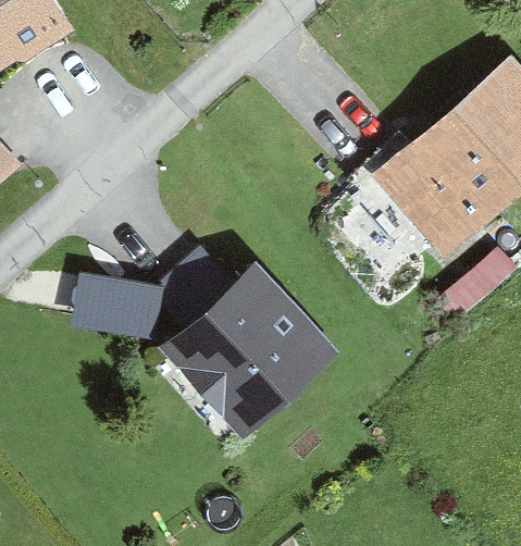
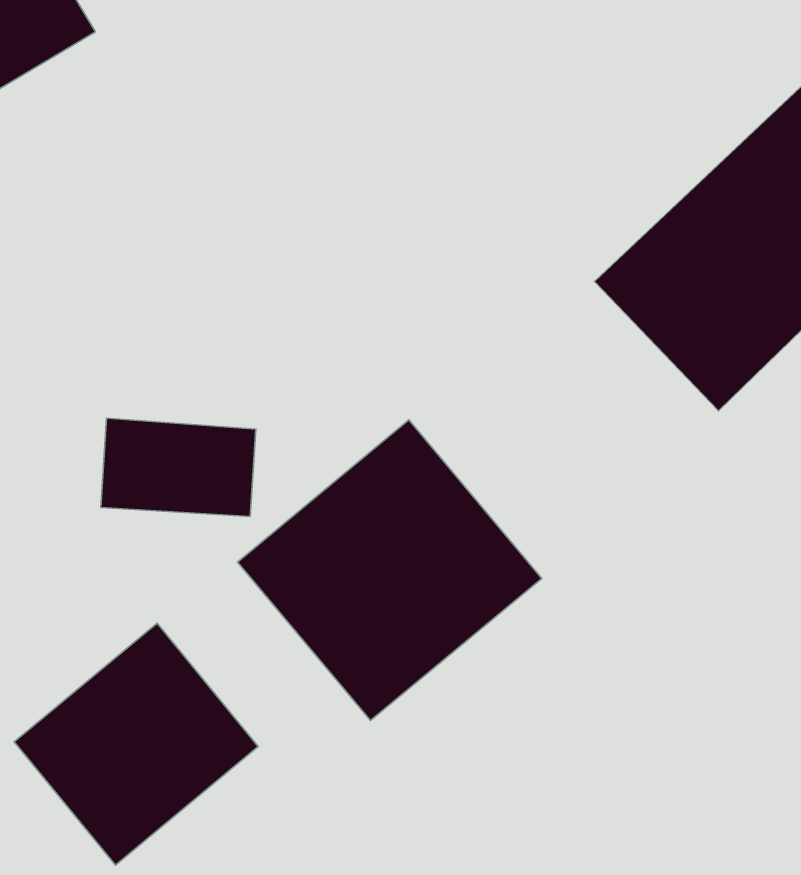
building: none -> [14,623,258,865]

